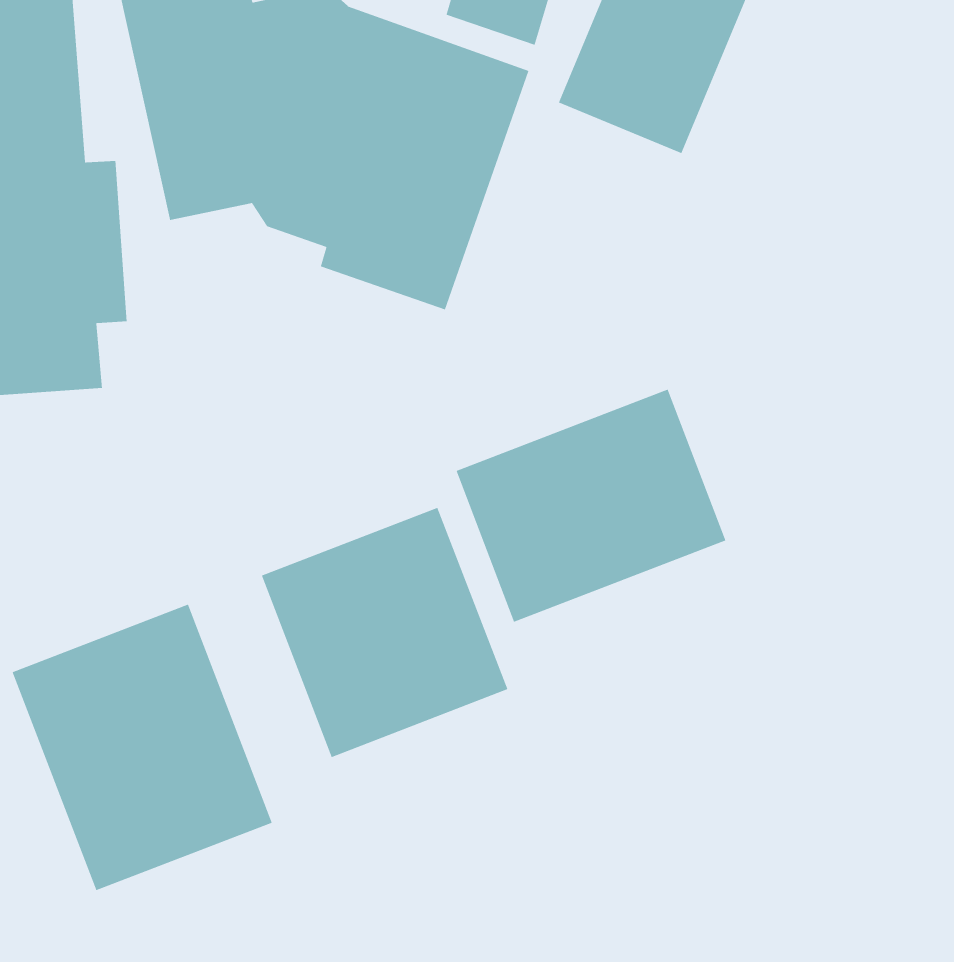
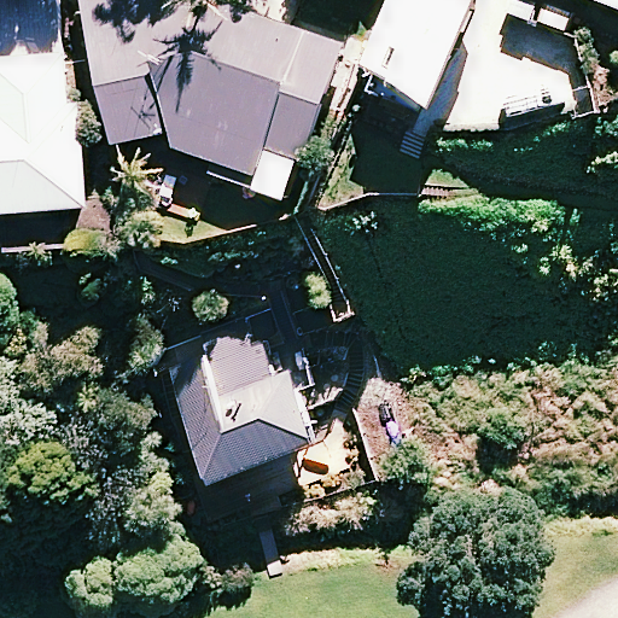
building: [455,388,726,623] -> none
building: [11,604,273,891] -> none

